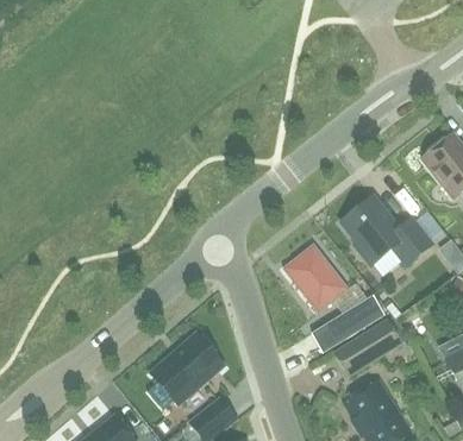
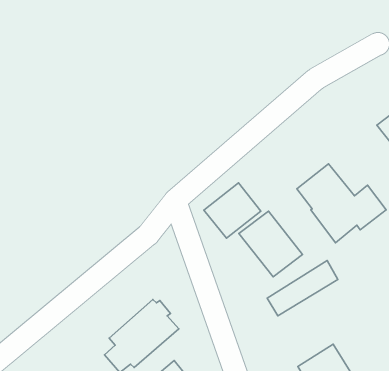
building: none -> [204,183,261,238]
building: [333,319,400,374] -> none

